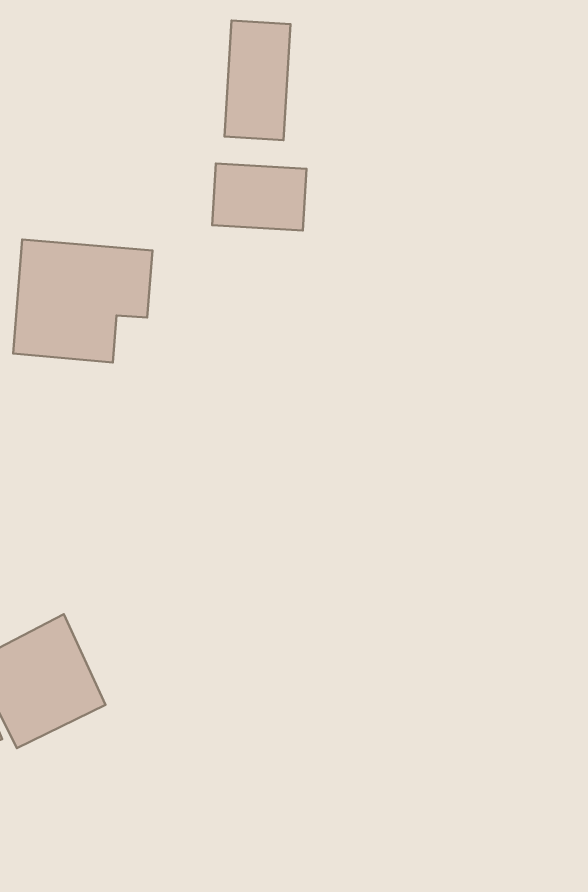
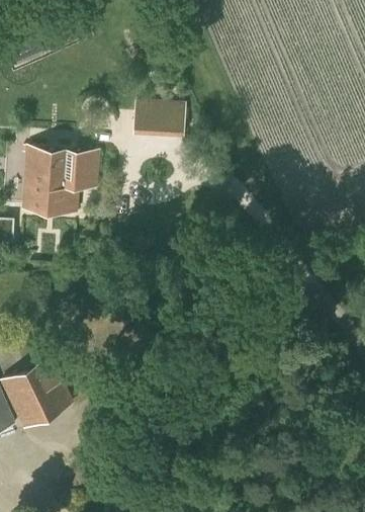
building: [225,21,291,140] -> none

